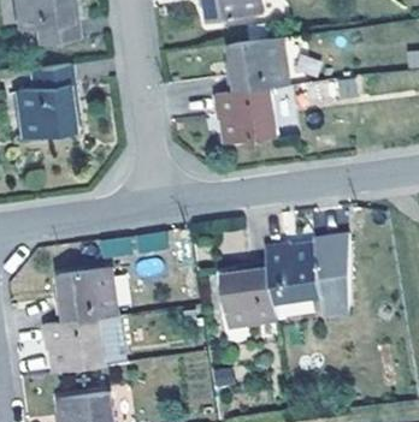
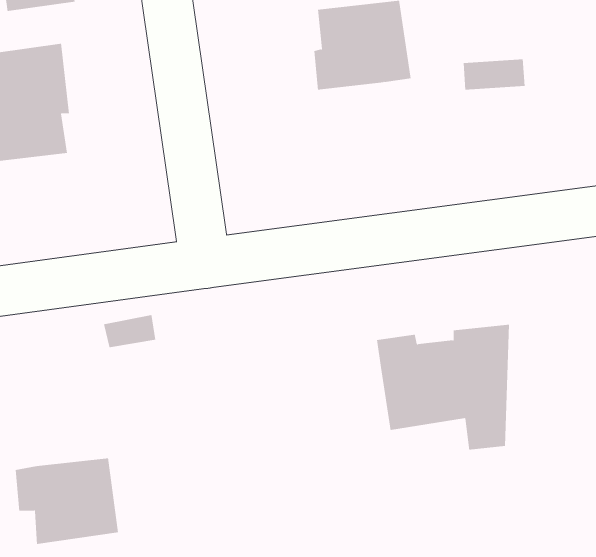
building: [212,90,275,144] -> none
building: [220,265,275,325] -> none
building: [54,269,113,325] -> none

